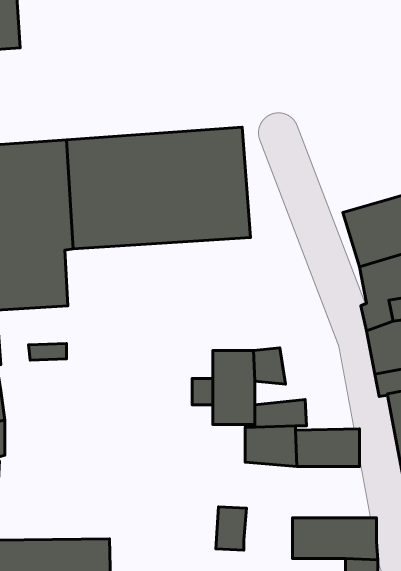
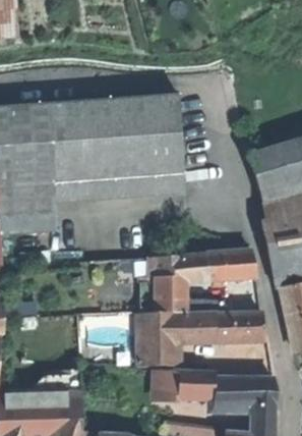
building: none -> [204,252,256,281]
building: none -> [137,313,180,367]
building: none -> [178,372,214,396]

